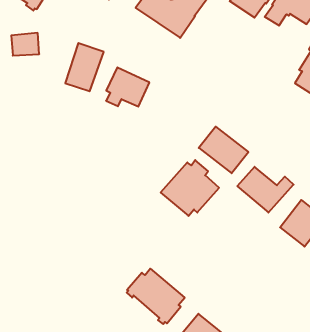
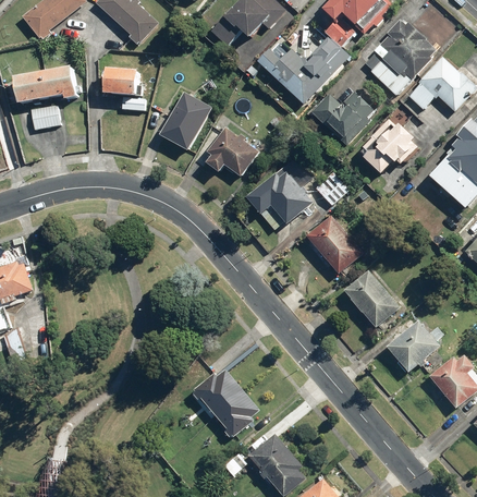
building: none -> [309,89,378,138]
building: none -> [355,116,420,177]
building: [161,160,219,216] -> [245,166,315,230]

